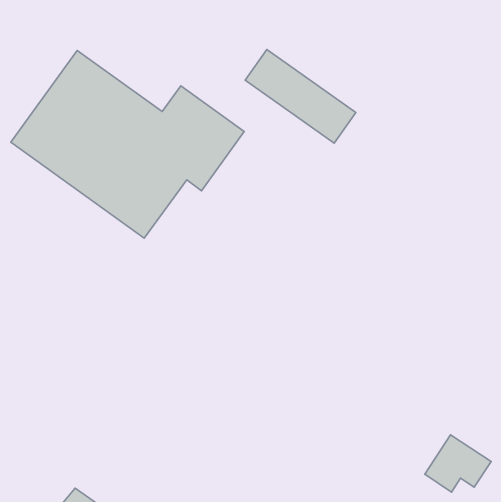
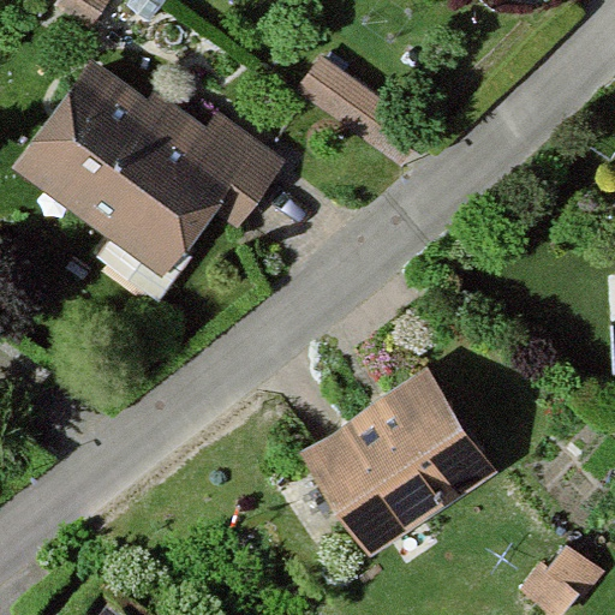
building: none -> [291,347,488,542]

